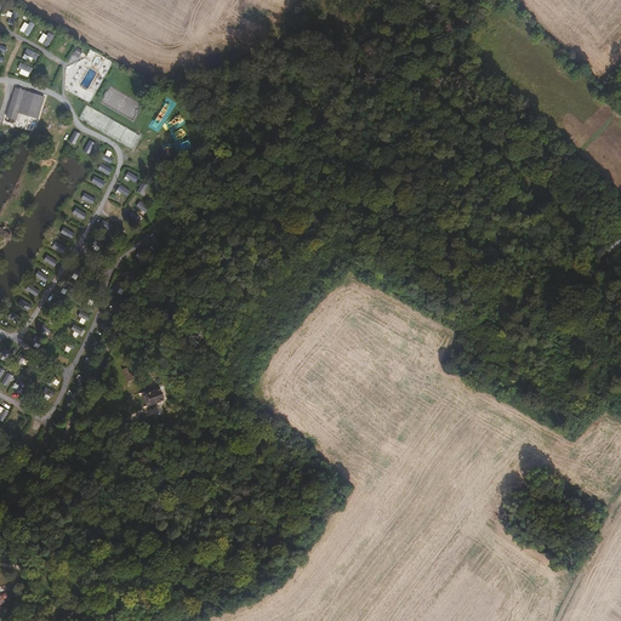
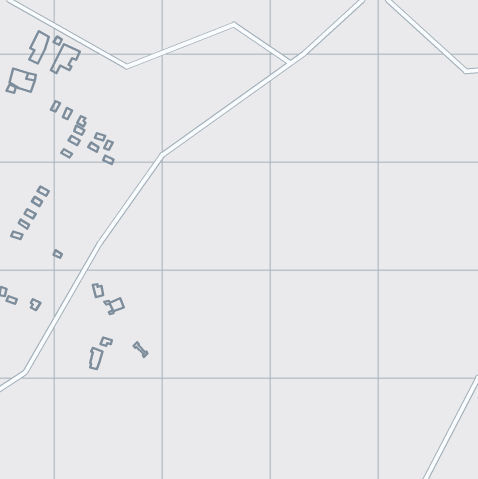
building: none -> [29,31,49,63]

